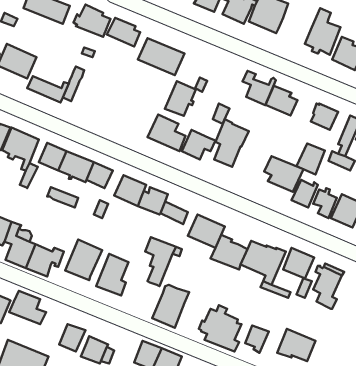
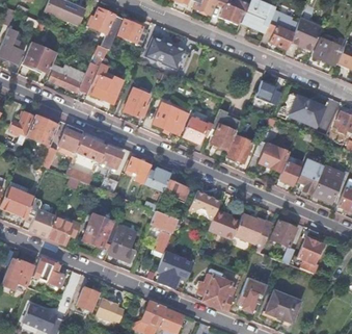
building: none -> [92,62,121,103]
building: [243,71,276,105] -> [267,19,296,49]
building: [165,81,196,116] -> [123,86,150,117]
building: [296,143,325,174] -> [227,135,252,162]

